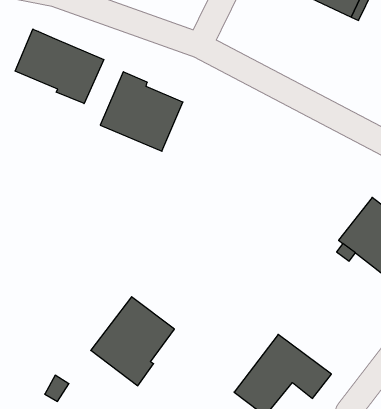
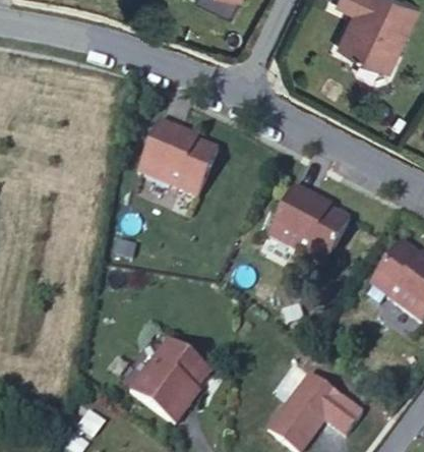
building: [15,29,104,104] -> none
building: none -> [268,184,350,265]

